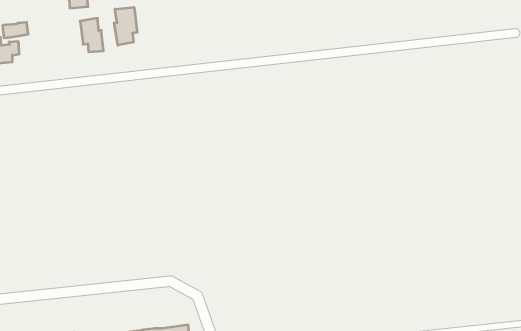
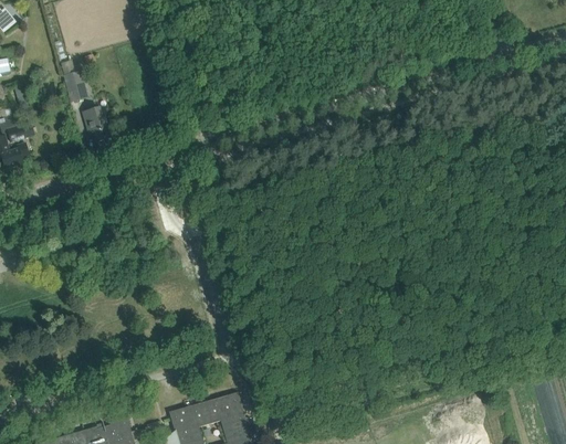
building: [114,7,137,45] -> none

